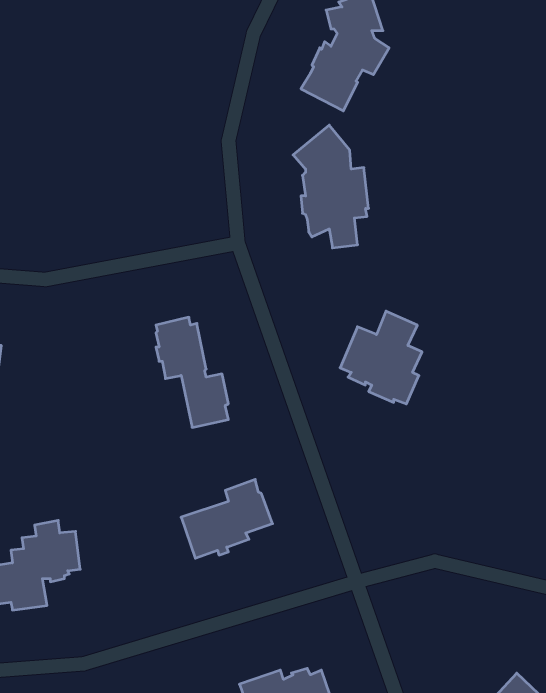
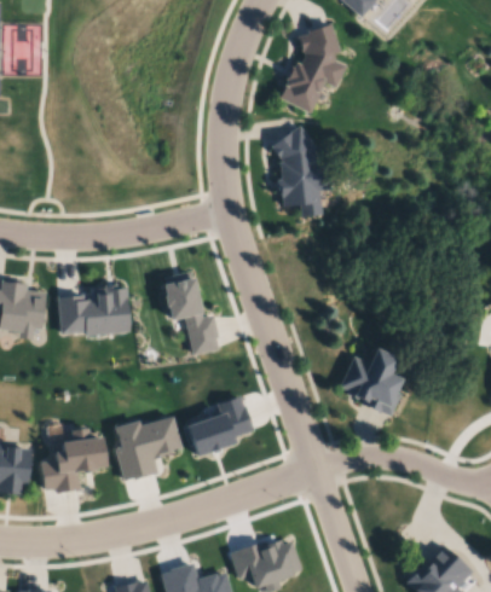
building: [340,311,422,404] -> [339,343,402,414]
building: none -> [57,283,133,336]
building: none -> [116,417,183,481]

